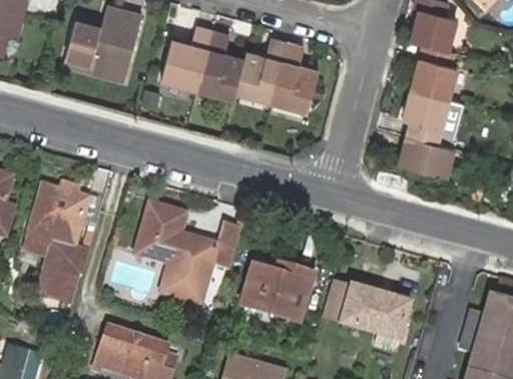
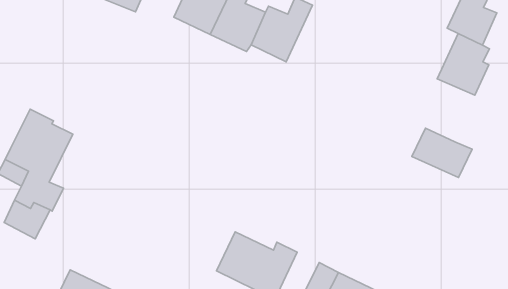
building: [273,44,319,109] -> none
building: [407,92,451,147] -> none
building: [137,201,243,302] -> none

